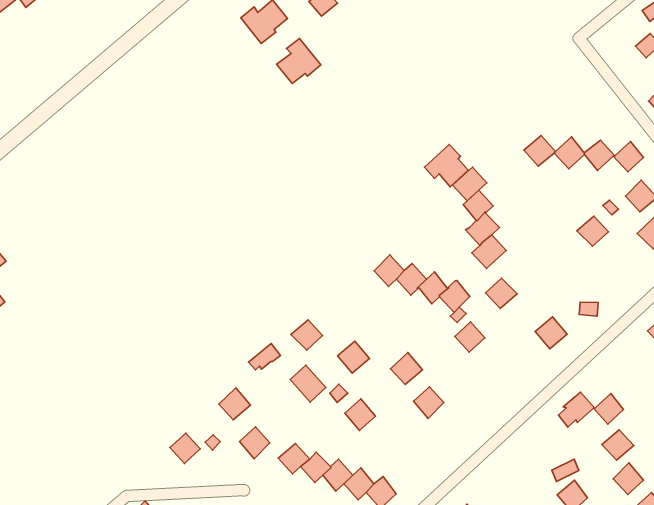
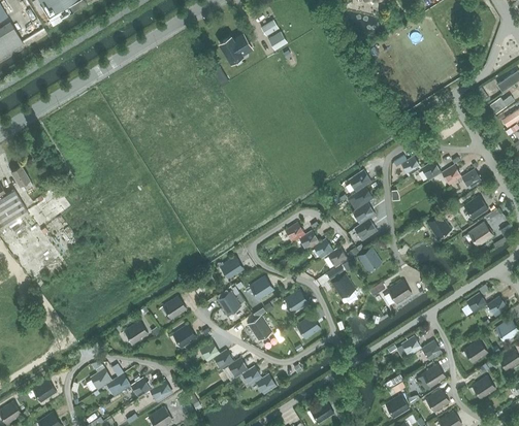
building: [277,38,321,84] -> none
building: [424,145,468,187] -> none

